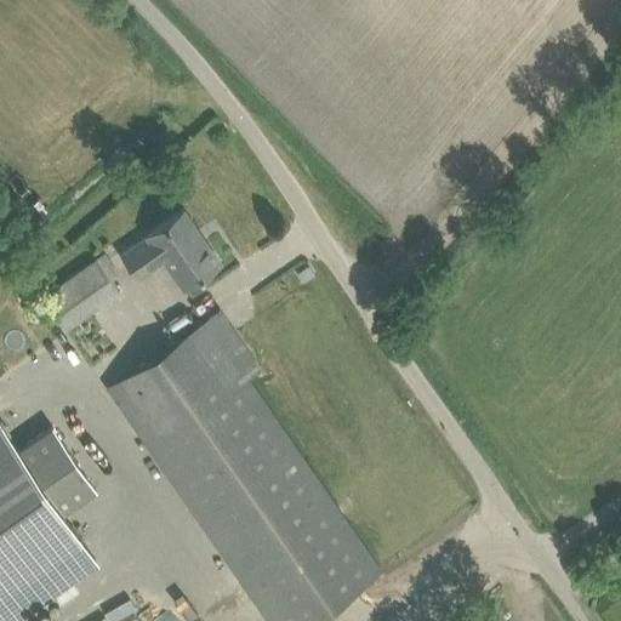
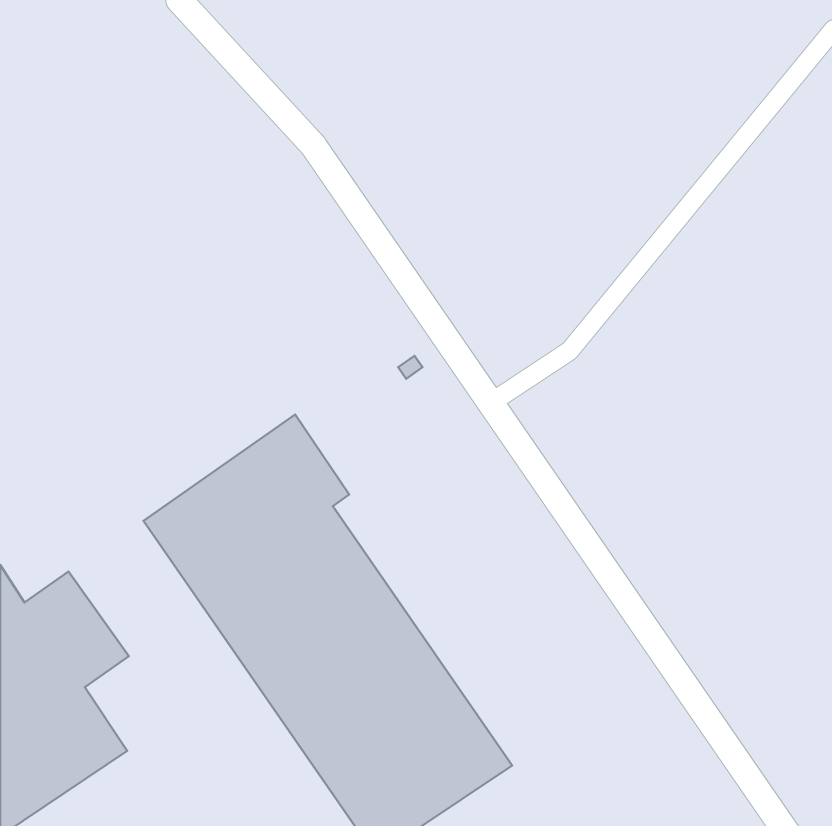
building: [123,218,221,292] -> none
building: [41,262,120,335] -> none

